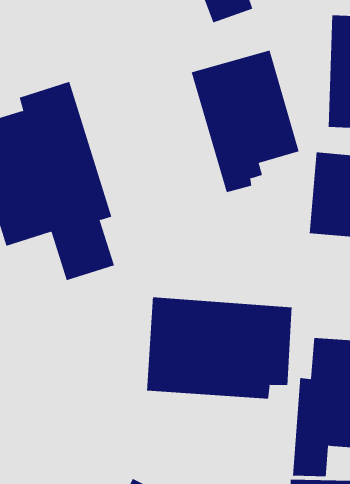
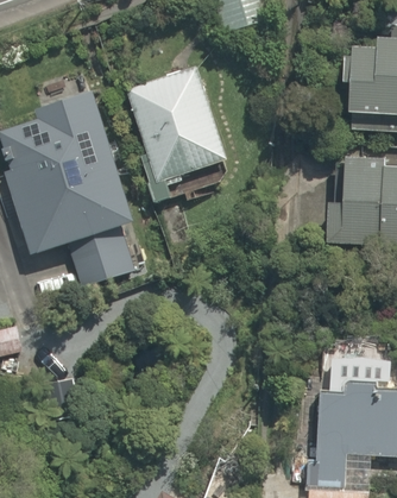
building: [191,50,300,193] -> [113,62,222,206]
building: [146,297,292,399] -> none

